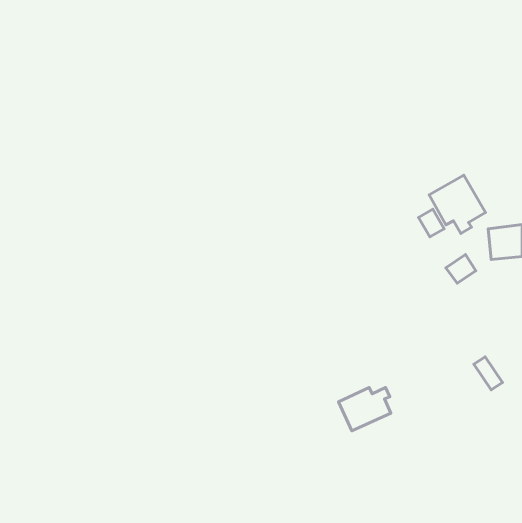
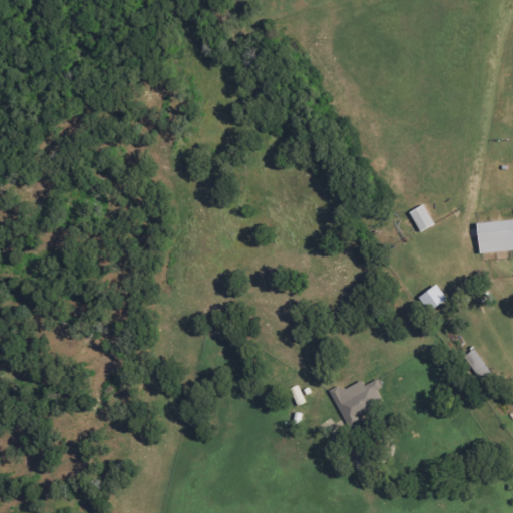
building: [429,175,485,234] -> none
building: [446,254,476,283] -> [418,284,447,312]

